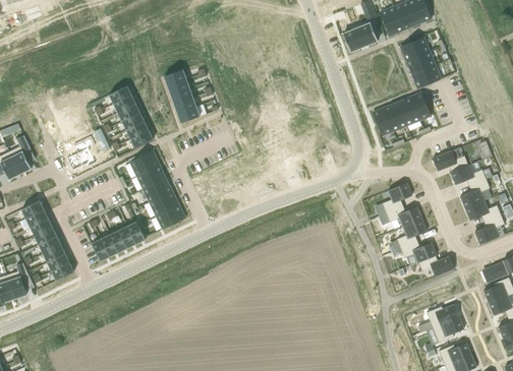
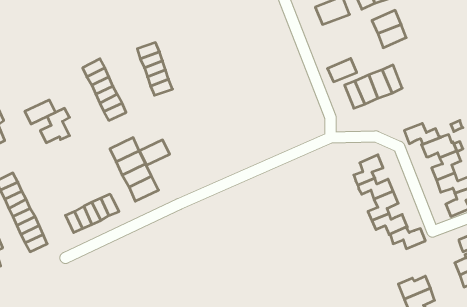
building: [411,64,441,87] -> [327,58,357,82]
building: none -> [25,100,55,124]
building: [129,150,160,176] -> [139,140,170,165]

